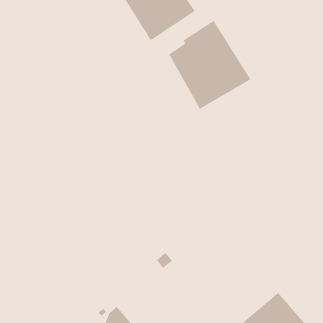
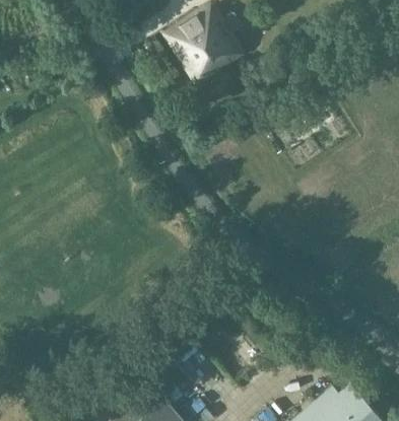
building: [168,20,251,110] -> none

